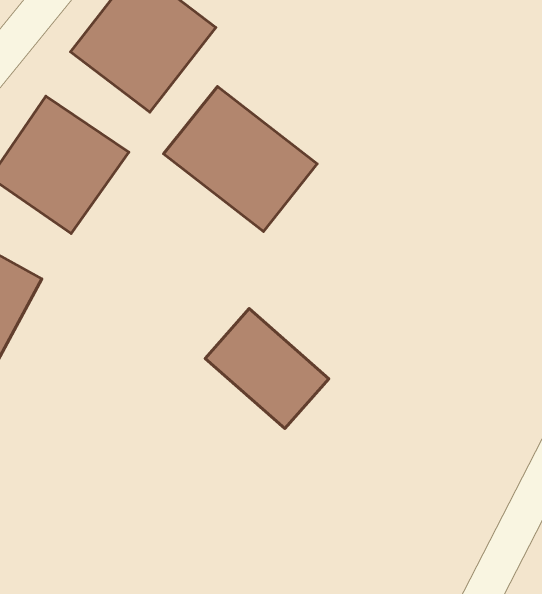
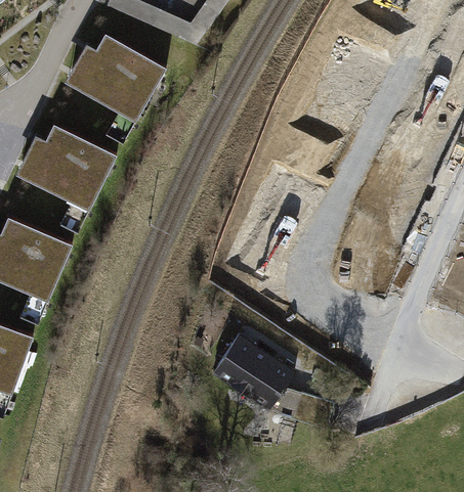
building: [164,86,317,232] -> none
building: [205,309,329,428] -> [214,333,296,408]

